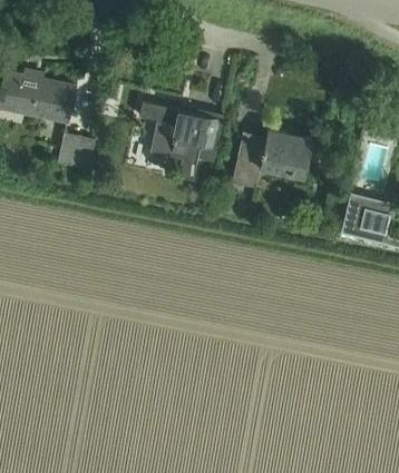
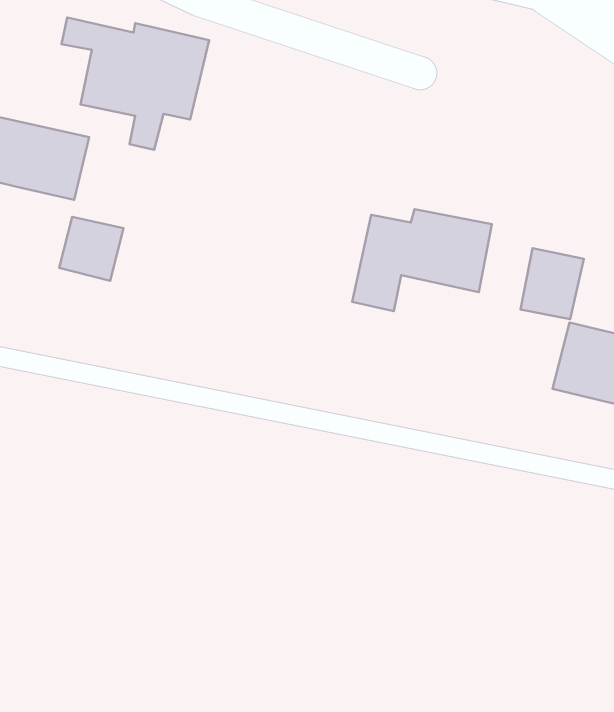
building: [136,101,223,179] -> [62,18,209,150]
building: none -> [520,248,584,319]

